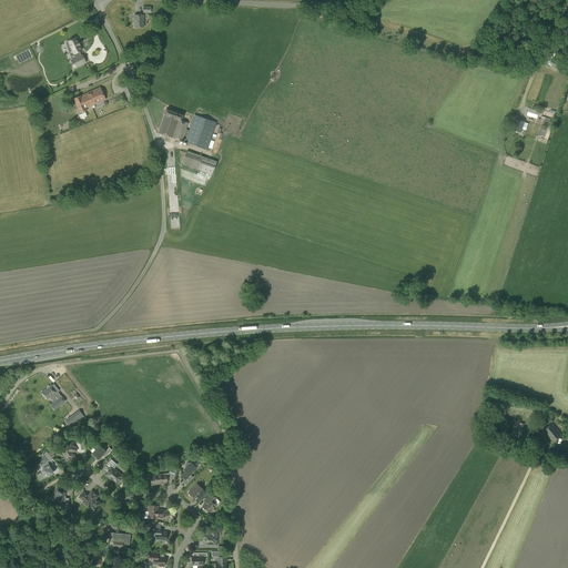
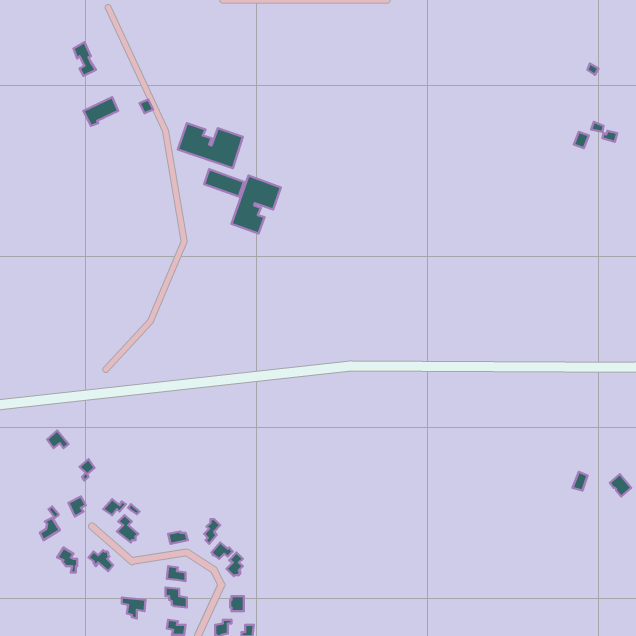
building: none -> [231,175,281,234]

